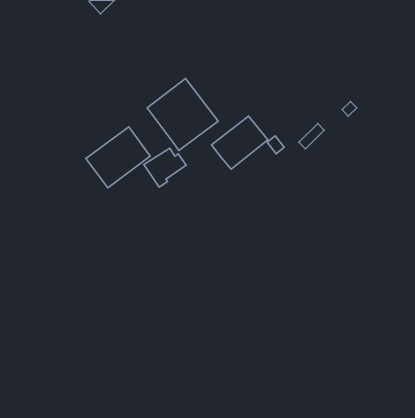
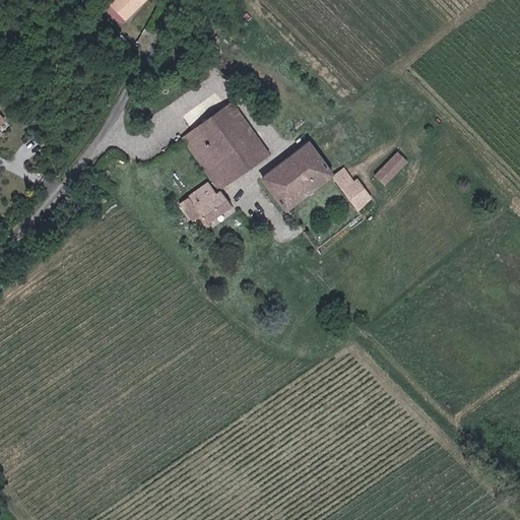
building: [86,127,150,188] -> none
building: none -> [343,182,371,210]

